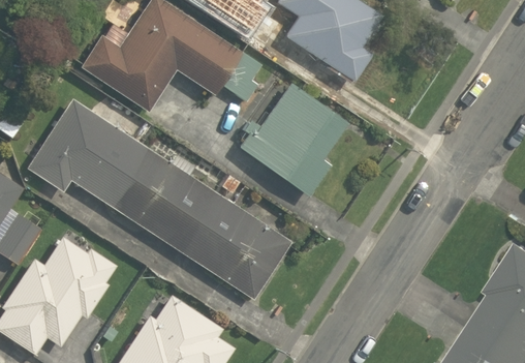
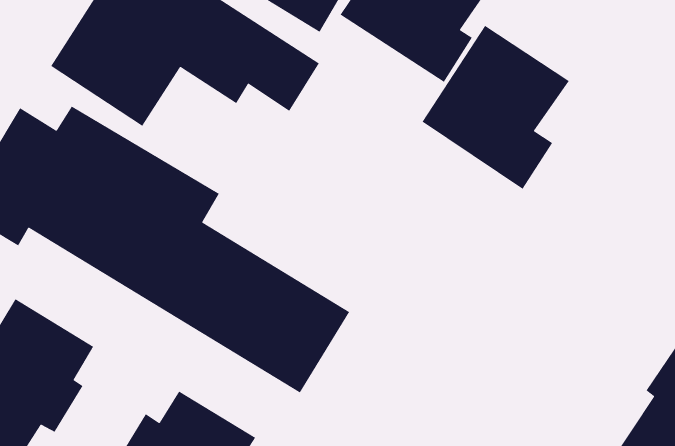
building: [242,84,343,196] -> [421,25,570,190]

